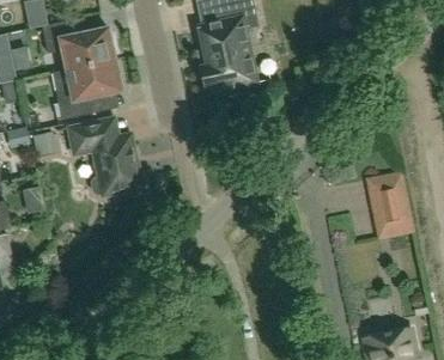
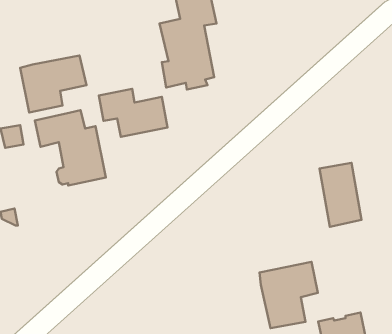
building: [42,18,114,68] -> [99,89,168,137]
building: none -> [259,262,318,328]

